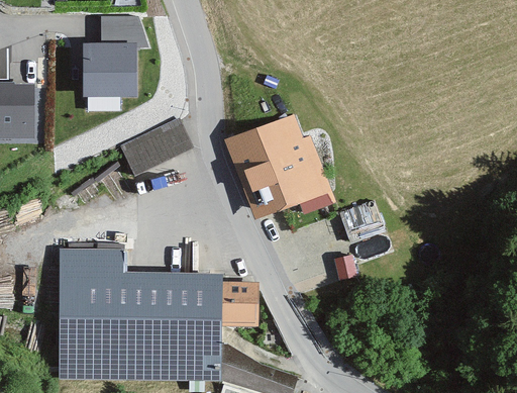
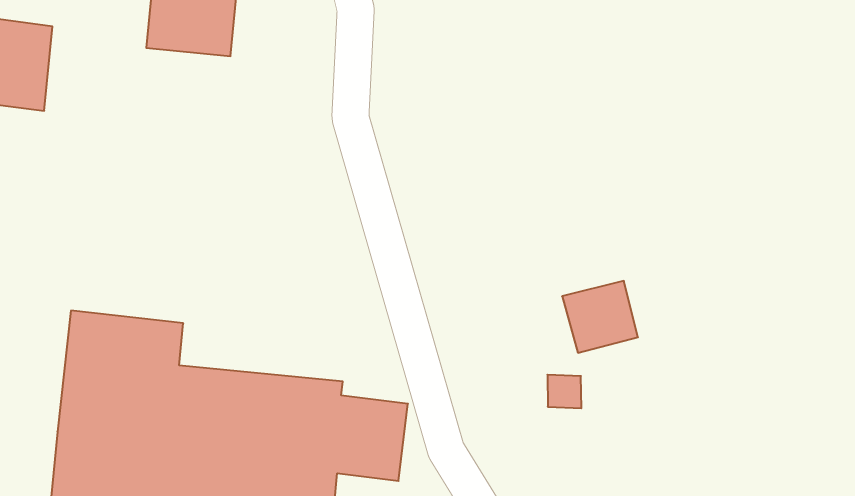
building: [224,114,332,219] -> none
building: [121,118,193,176] -> none

